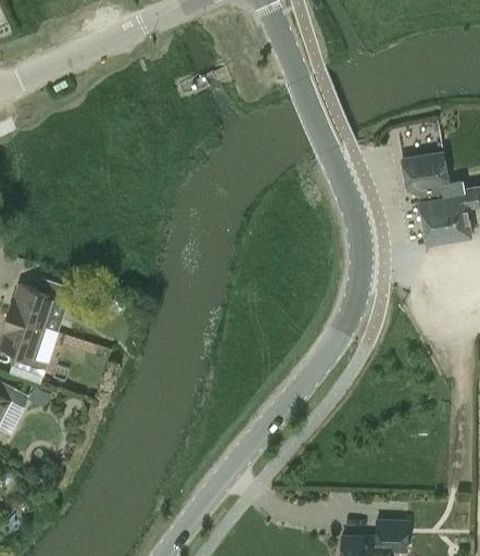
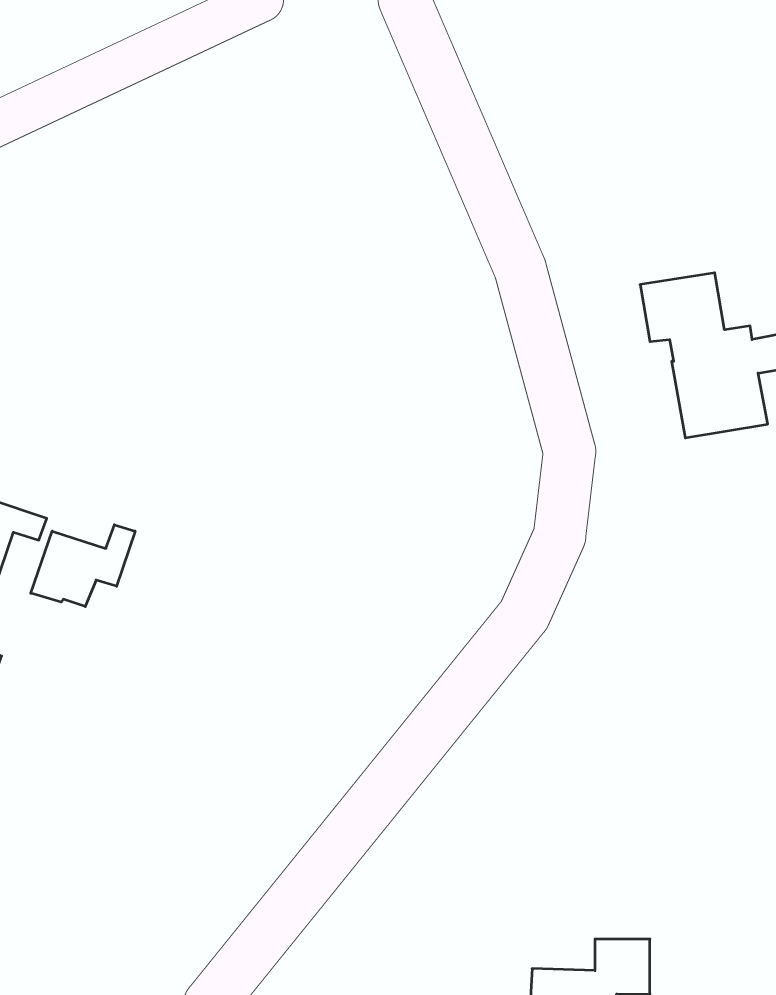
building: none -> [31,525,135,607]

